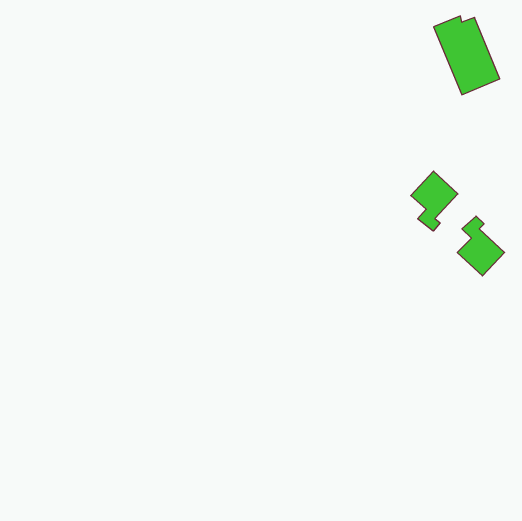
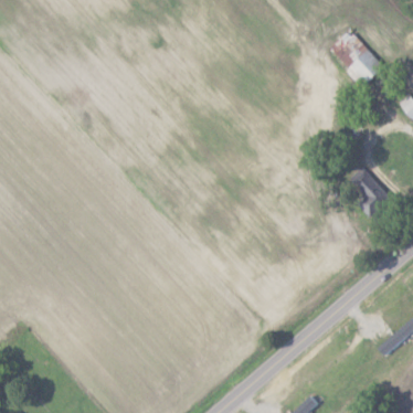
building: [411,171,458,231] -> none

